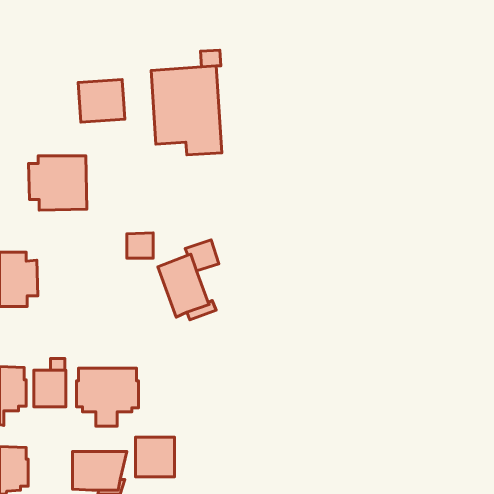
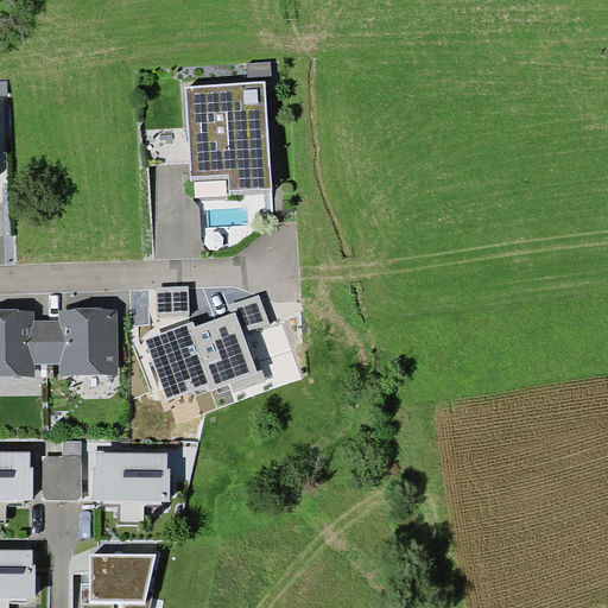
building: [78,80,125,122] -> none
building: [29,156,87,210] -> [45,310,116,376]
building: none -> [144,322,216,400]
building: [135,437,174,477] -> none

